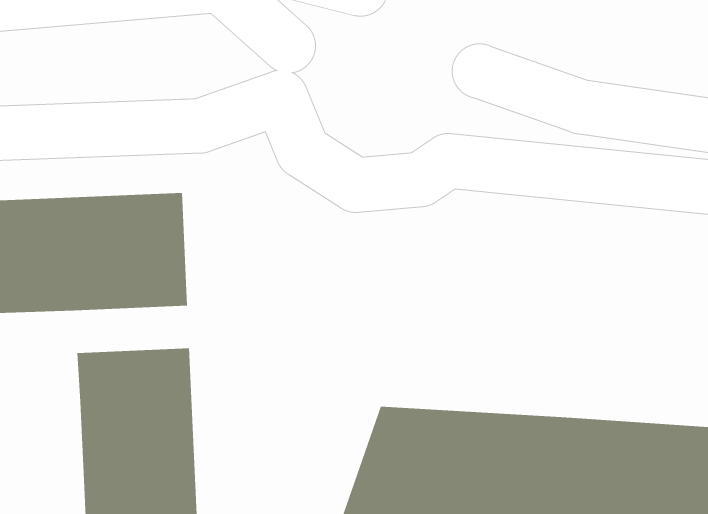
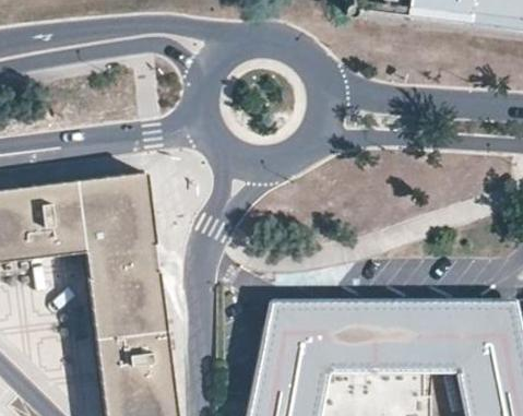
building: none -> [84,248,158,283]

